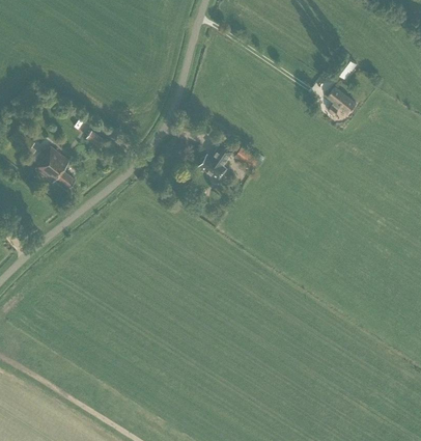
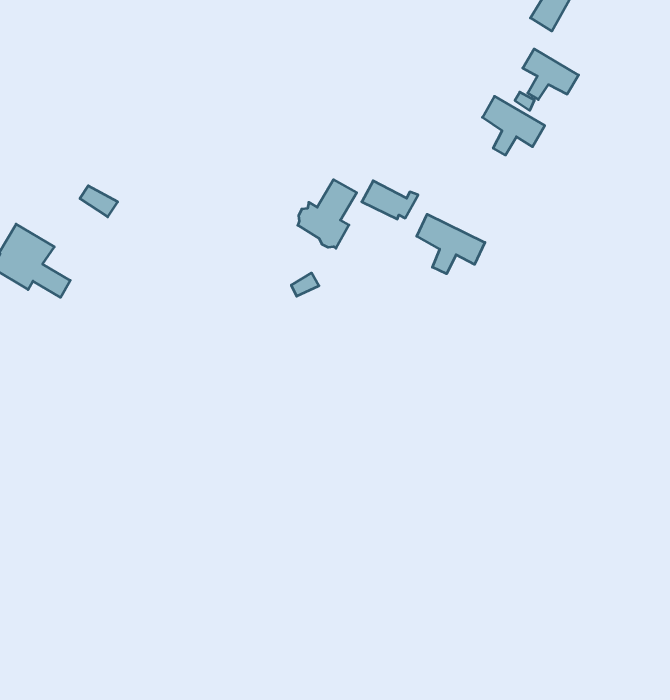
building: none -> [482,96,545,155]
building: none -> [417,214,485,274]

